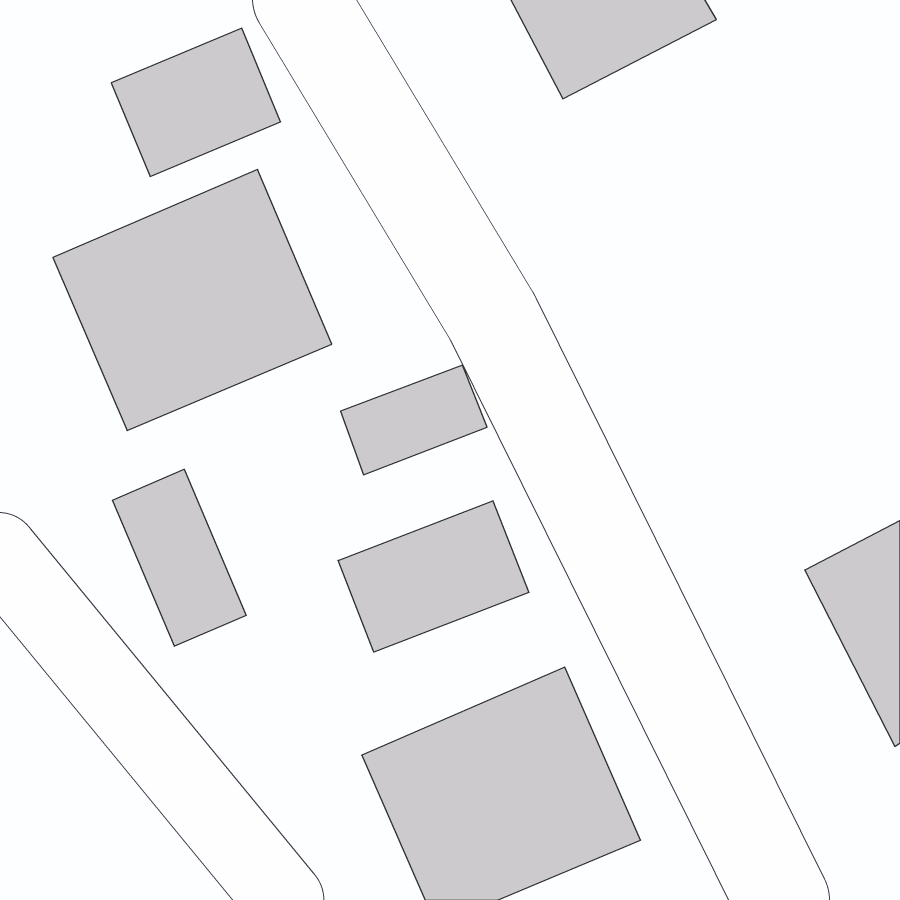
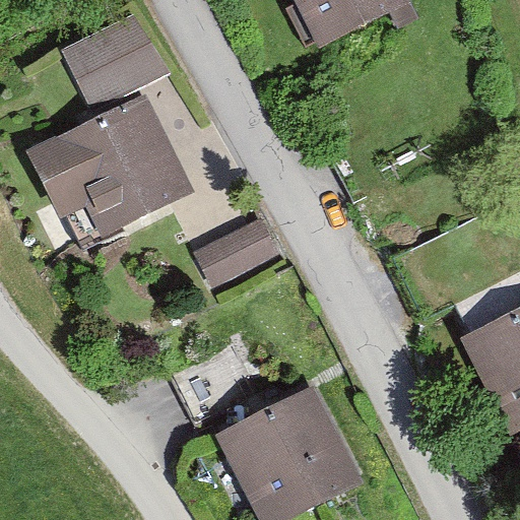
building: [112,469,246,646] -> none
building: [338,501,529,652] -> none

